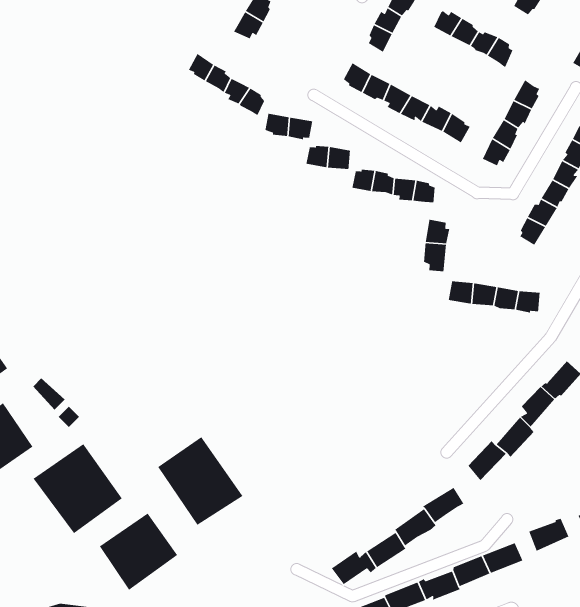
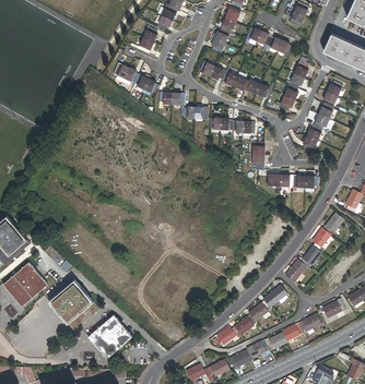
building: [157,436,243,526] -> none

